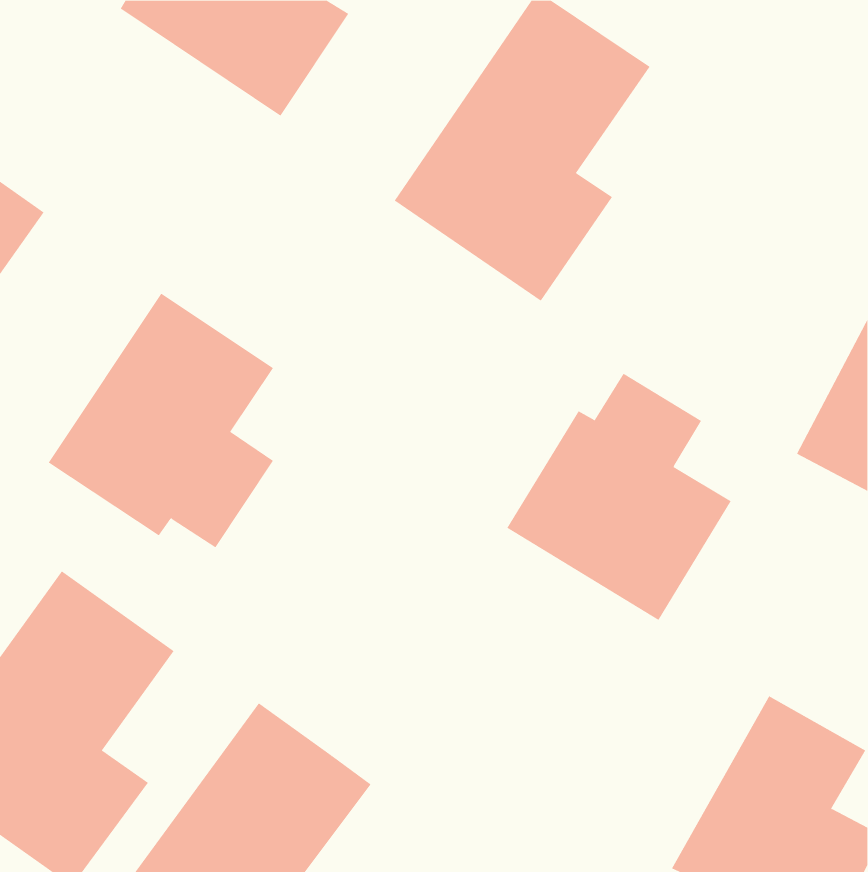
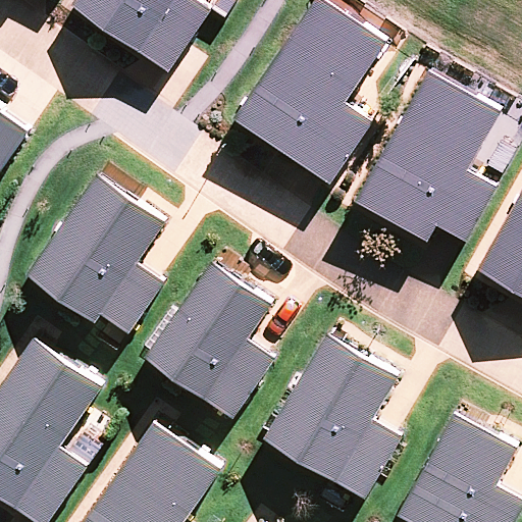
building: none -> [355,72,503,252]
building: [506,373,731,621] -> none
building: none -> [145,261,273,418]
building: none -> [265,336,400,495]

